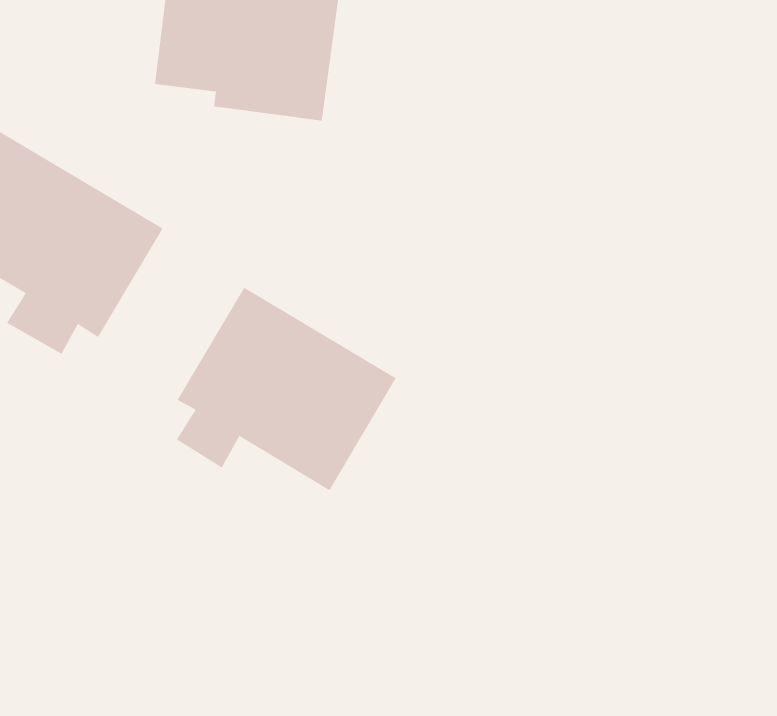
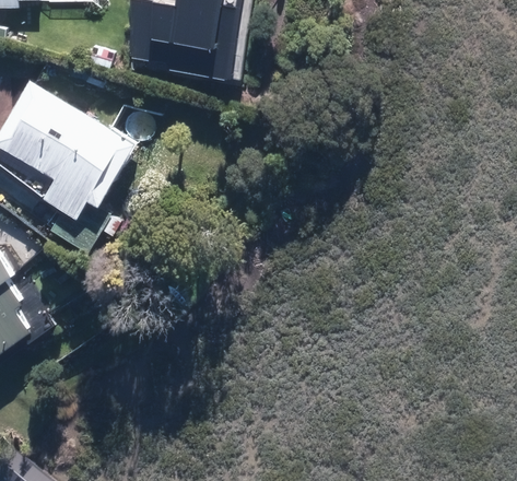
building: [176,287,397,491] -> none

